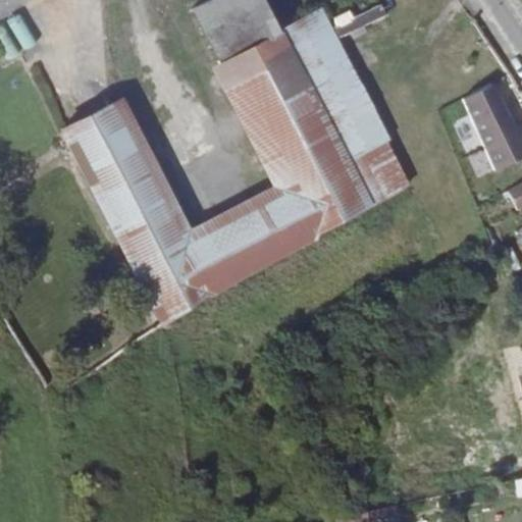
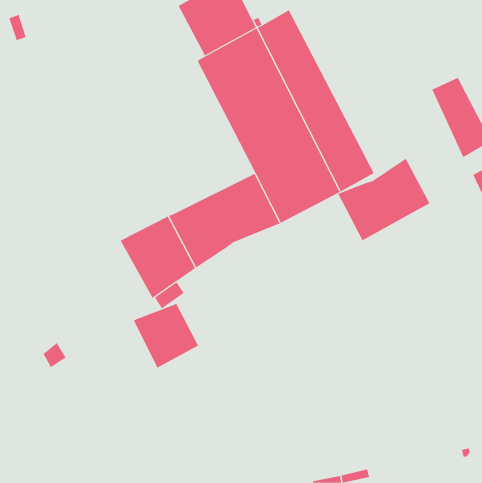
building: [64,98,190,258] -> none
building: none -> [338,158,430,241]
building: none -> [133,303,199,368]

